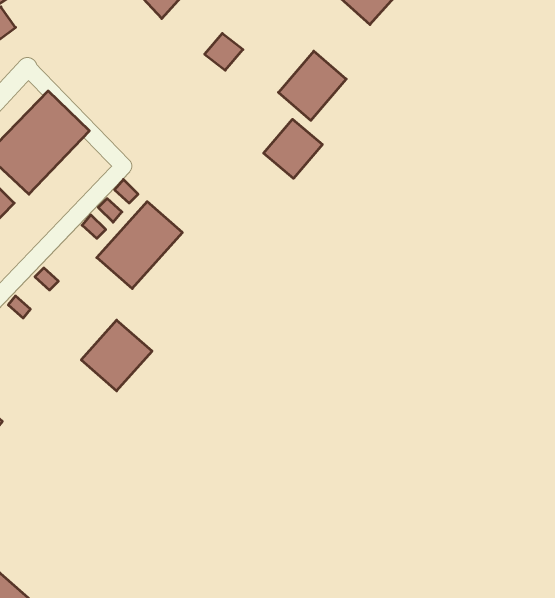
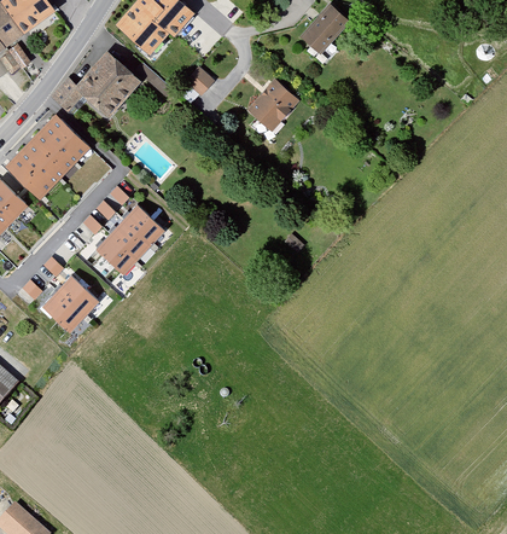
building: none -> [52,51,141,116]
building: [264,119,322,178] -> none
building: [81,320,152,391] -> [42,272,100,330]

